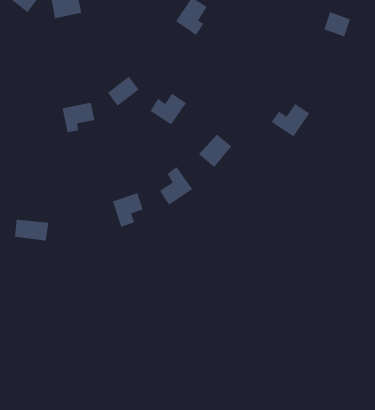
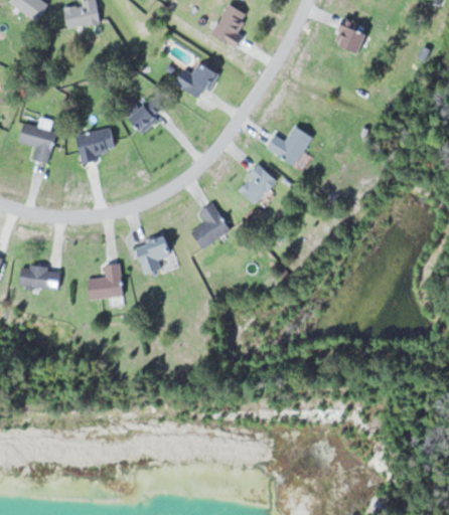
building: [324,12,351,37] -> [335,23,367,53]
building: [149,93,187,125] -> [174,61,218,100]
building: none -> [18,124,56,164]
building: [271,103,310,137] -> [267,126,313,166]
building: none -> [88,265,123,300]

